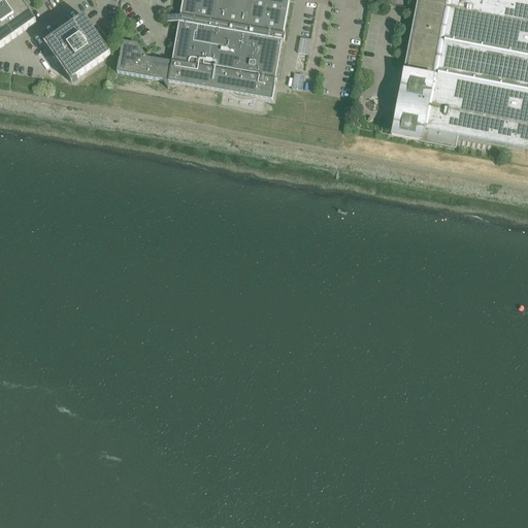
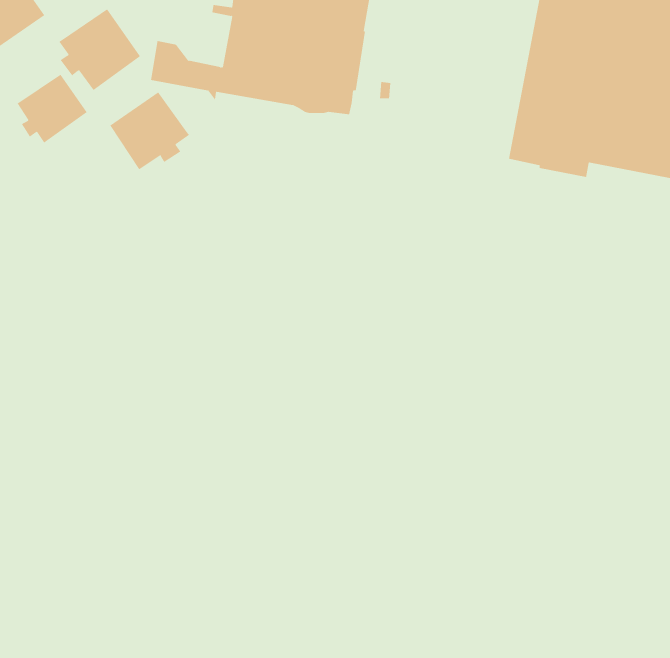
building: none -> [17,74,88,143]
building: none -> [110,91,190,170]

